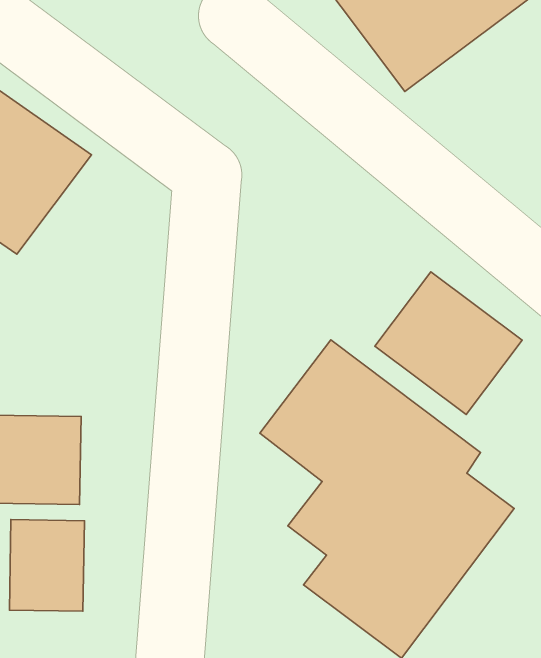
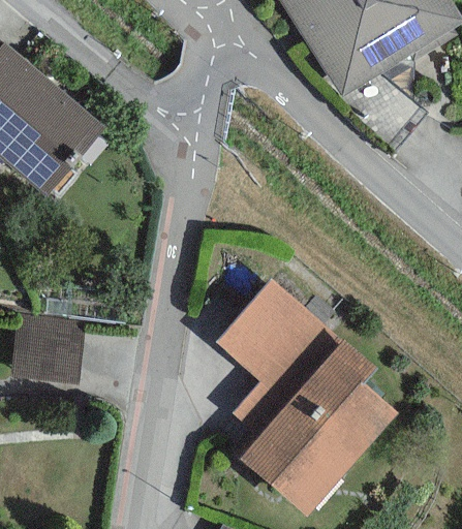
building: [375,272,522,415] -> none
building: [10,520,84,611] -> none

